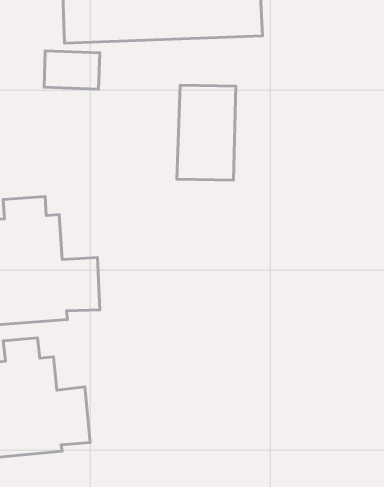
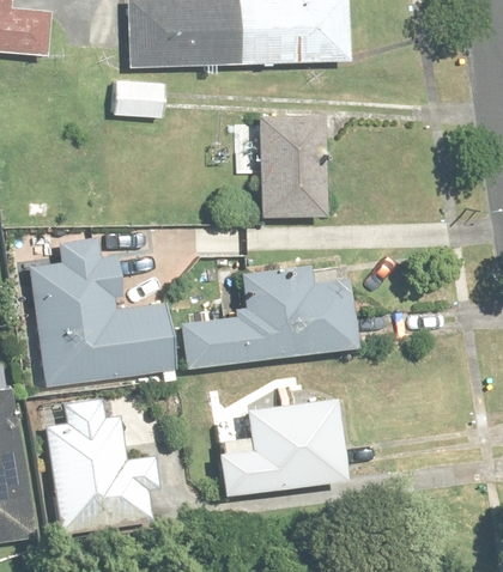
building: none -> [163,270,334,376]
building: none -> [198,408,327,507]

